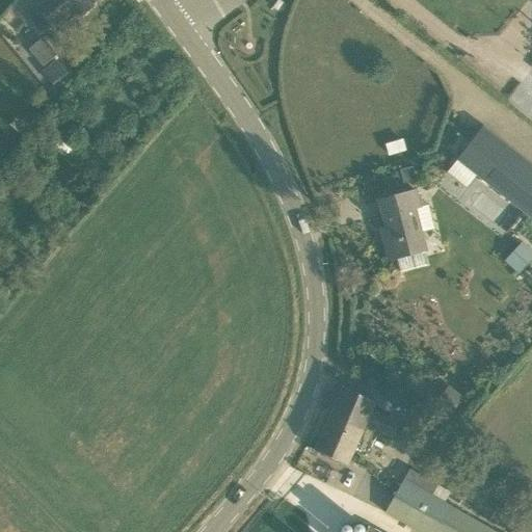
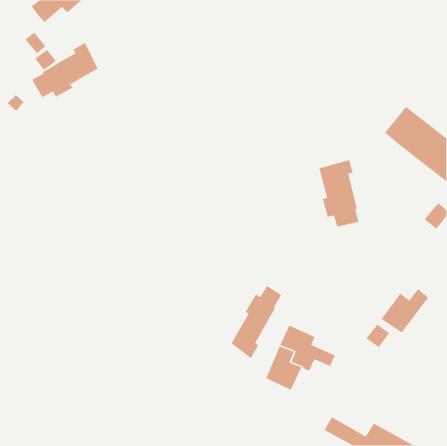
building: none -> [31,42,99,98]
building: none -> [230,285,282,359]
building: none -> [381,288,429,334]
building: [394,469,449,517] -> none

